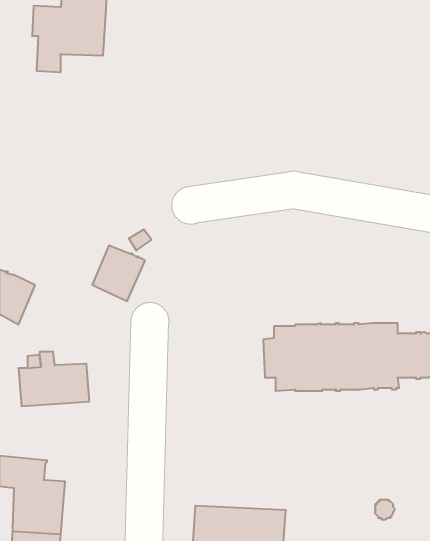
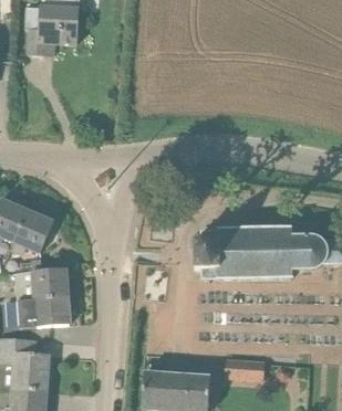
building: [92,245,145,301] -> [14,210,53,251]
building: none -> [17,295,69,326]
building: none -> [225,357,263,377]

